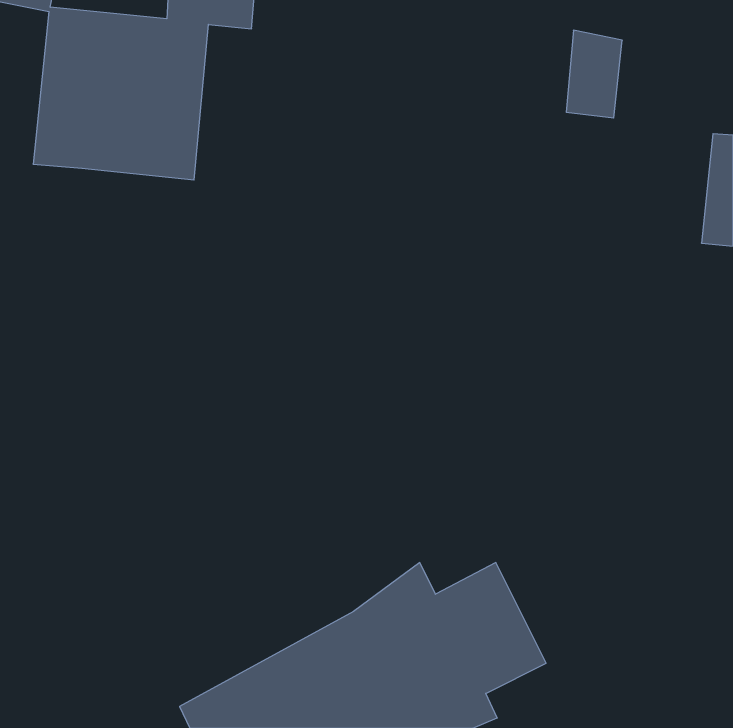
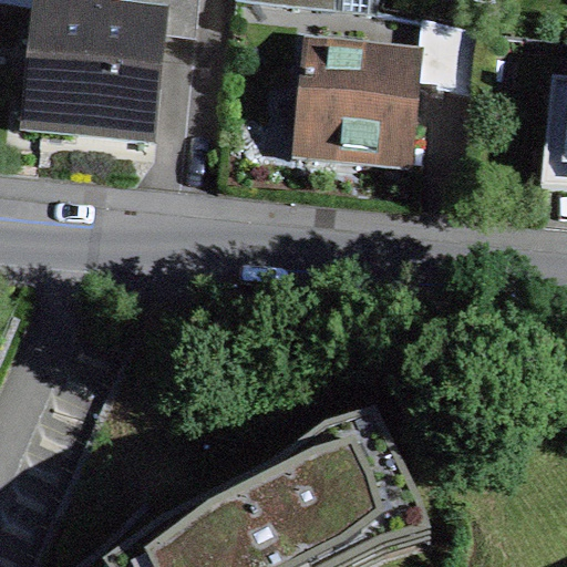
building: none -> [292,41,421,167]

